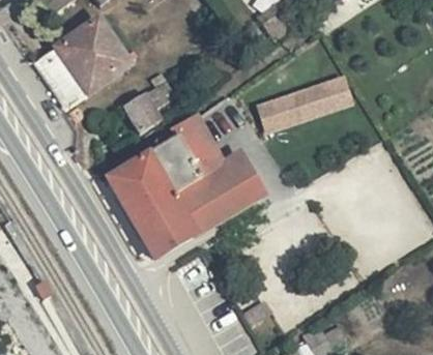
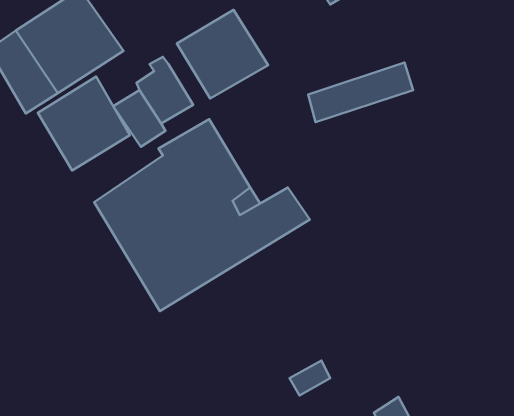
building: none -> [177,10,268,98]
building: none -> [38,76,130,170]

